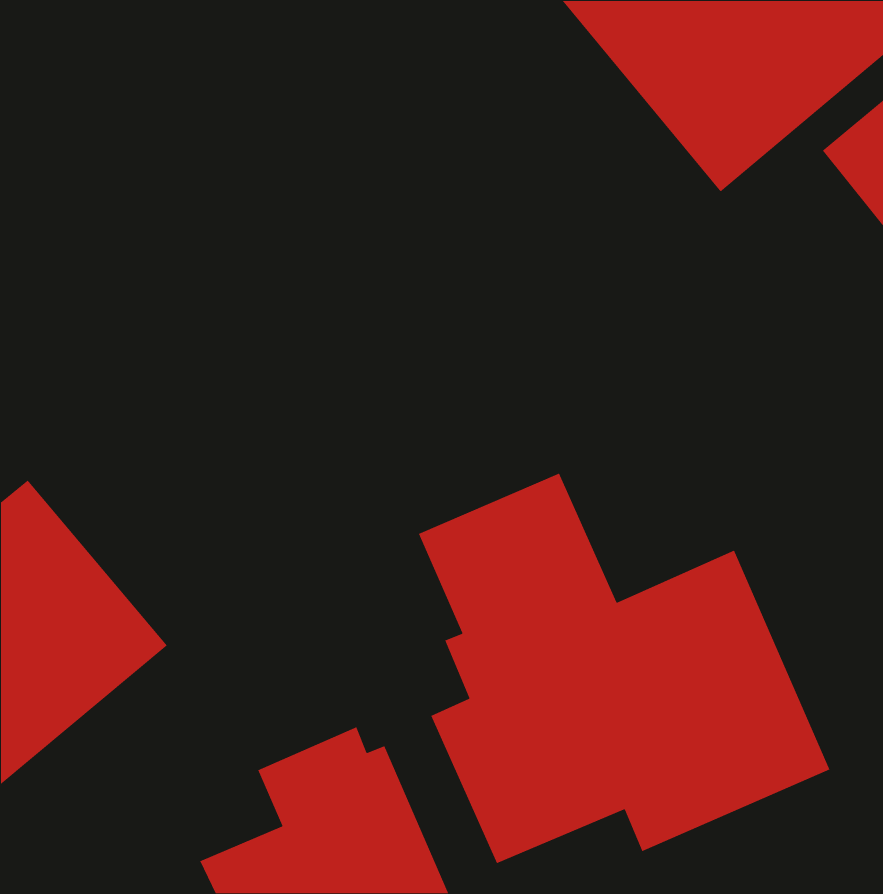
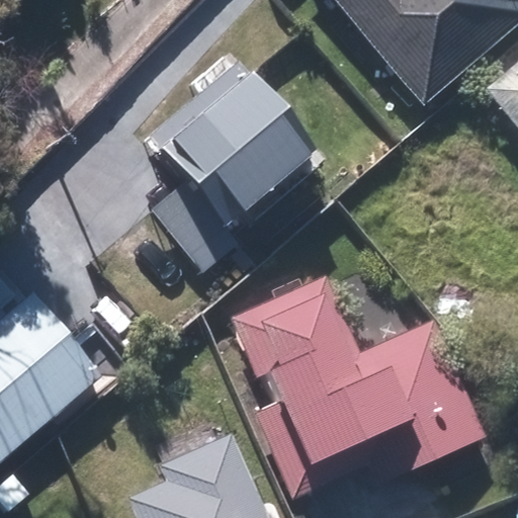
building: none -> [147,65,309,274]

